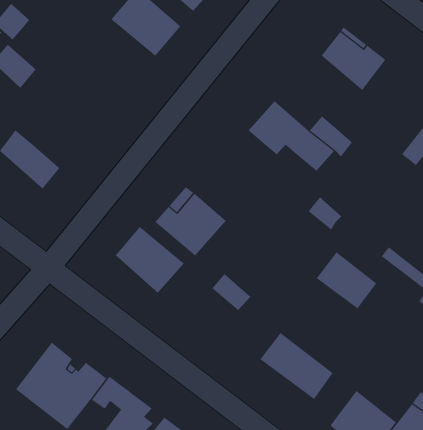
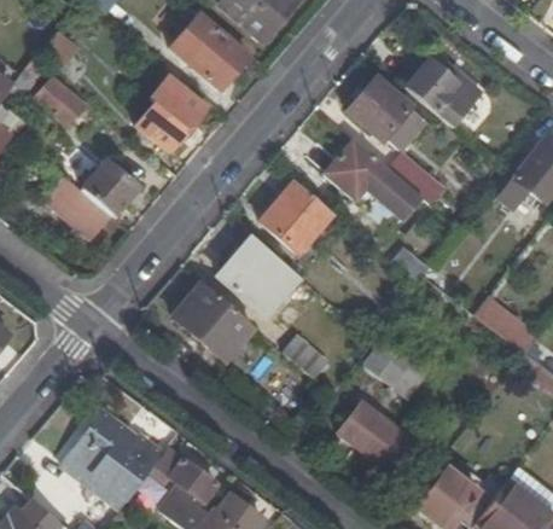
building: none -> [347,79,418,140]
building: none -> [136,80,205,150]
building: none -> [82,156,139,215]
building: none -> [260,180,332,252]
building: [316,251,377,309] -> [361,336,430,401]

